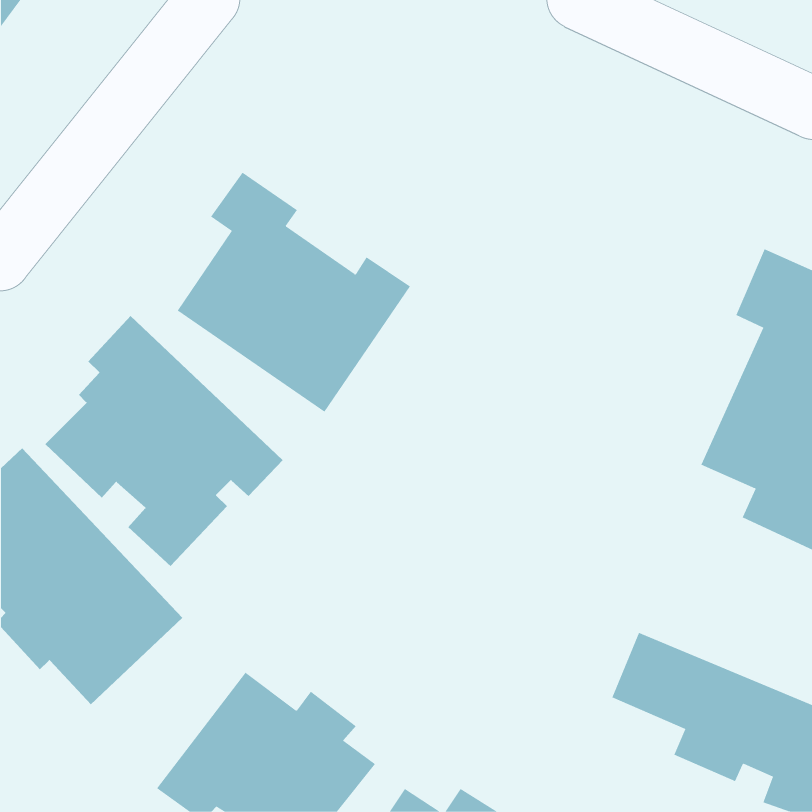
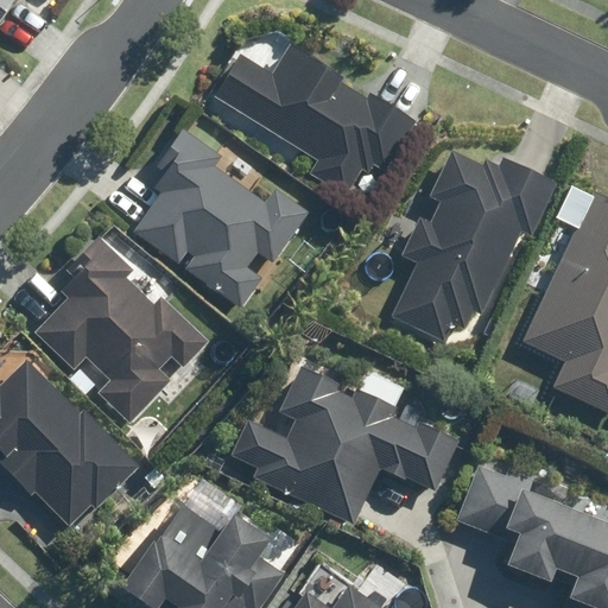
building: none -> [214,43,419,197]
building: none -> [393,150,559,340]
building: none -> [227,366,456,522]

